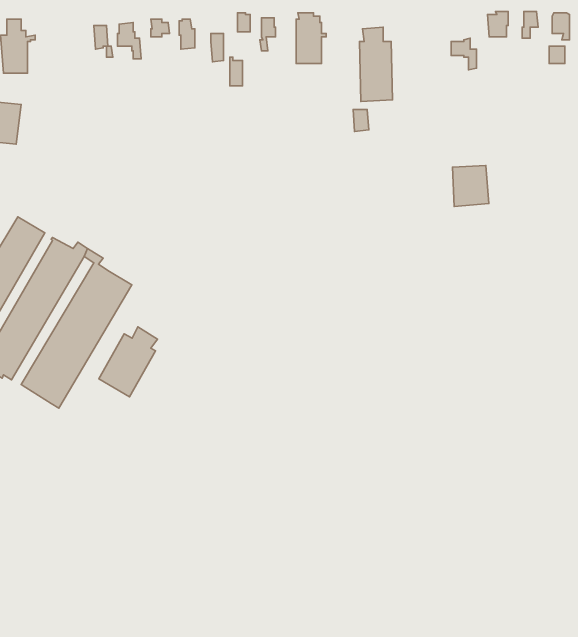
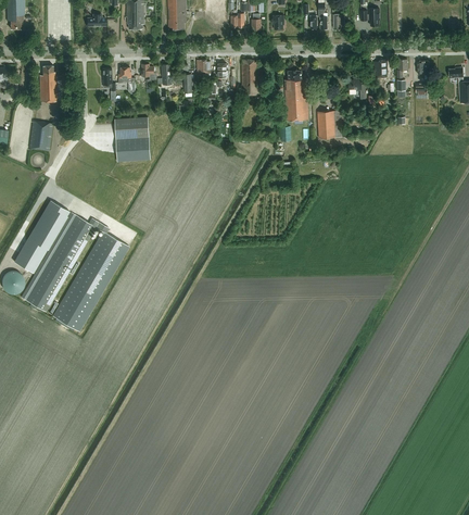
building: none -> [114,116,150,161]
building: [453,166,489,207] -> [317,110,342,138]
building: [99,327,158,397] -> none

